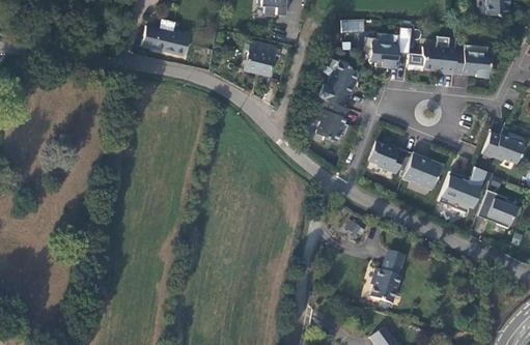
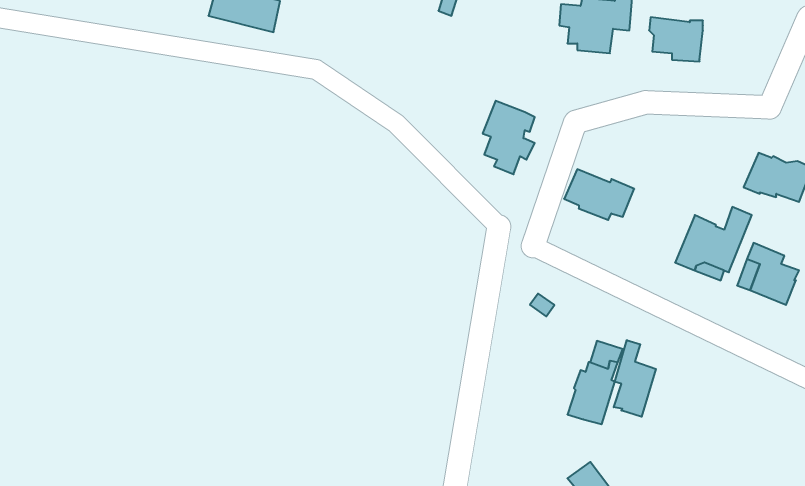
building: [245,41,276,76] -> none
building: [454,45,492,78] -> none
building: [319,60,357,106] -> none
building: [403,151,445,189] -> none
building: none -> [614,340,656,417]

